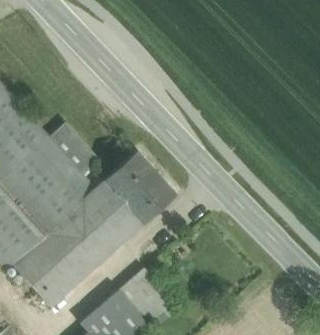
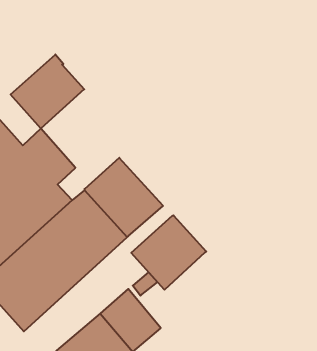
building: none -> [11,54,84,129]
building: none -> [131,215,206,290]

